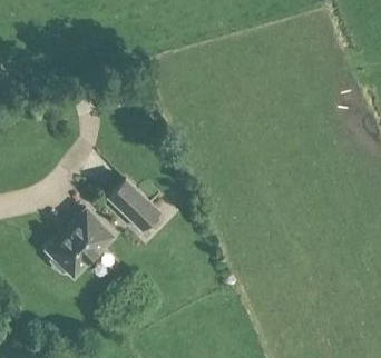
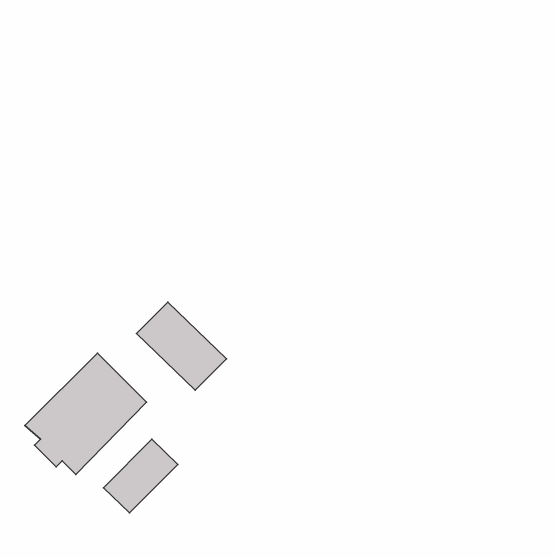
building: none -> [103,439,178,513]

